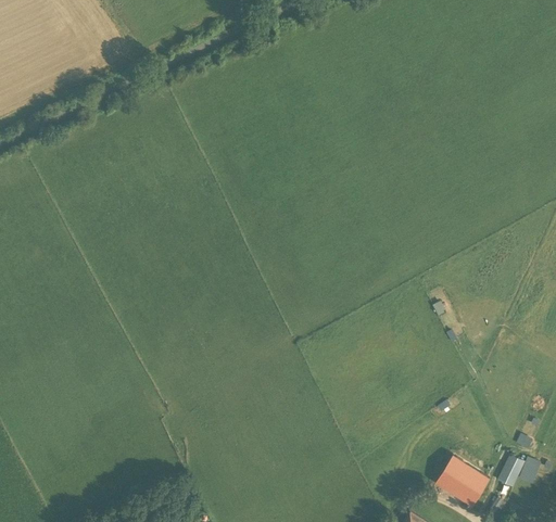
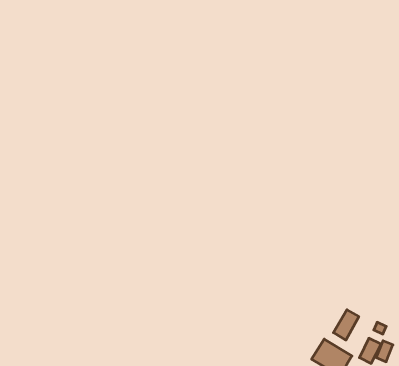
building: none -> [333,310,359,340]

